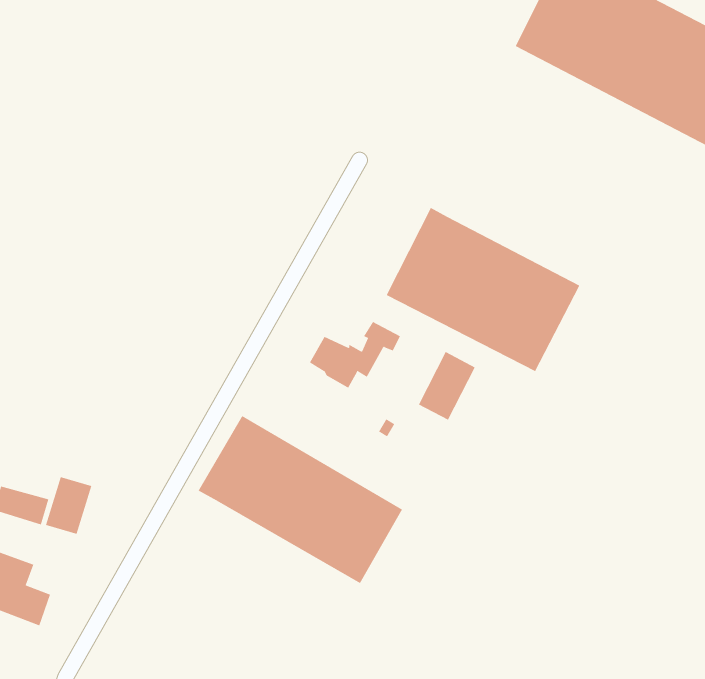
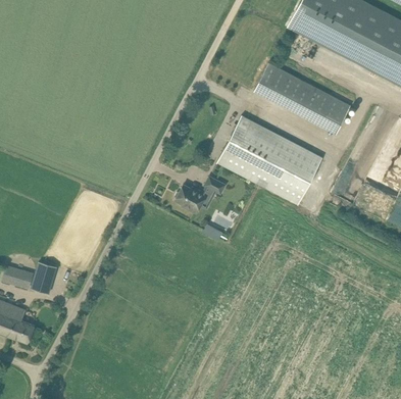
building: none -> [254,62,350,133]
building: [418,351,475,421] -> none
building: [198,415,403,584] -> none

